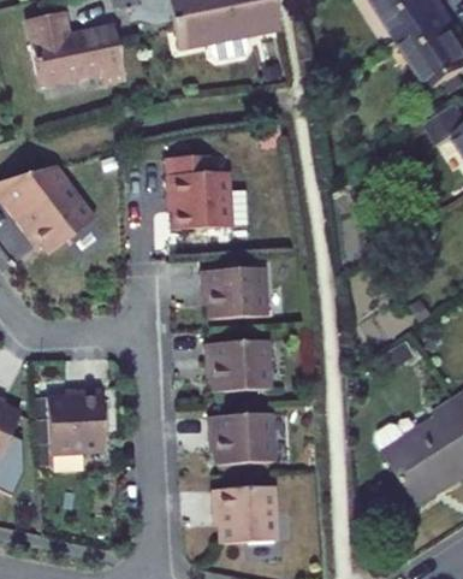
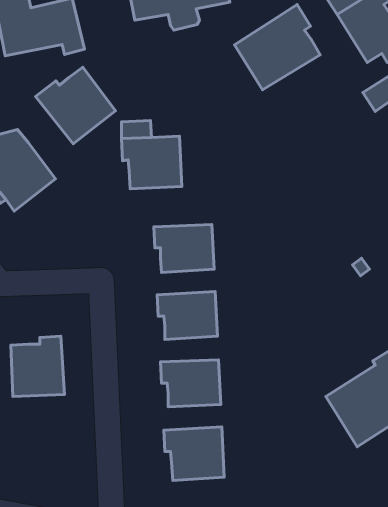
building: none -> [234,5,320,90]
building: none -> [35,67,116,144]

